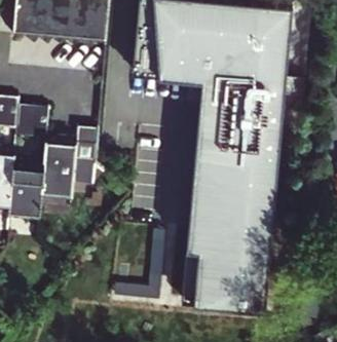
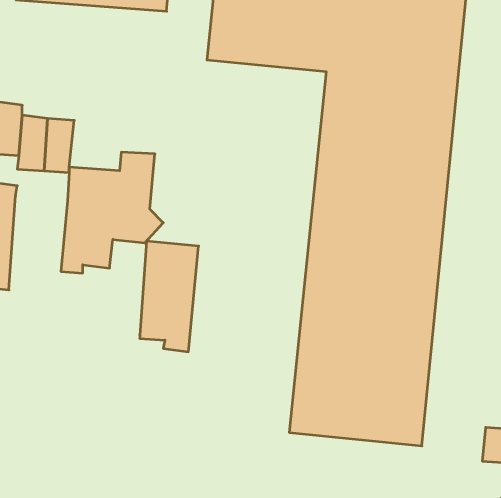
building: [9,155,45,223] -> [140,241,199,352]

